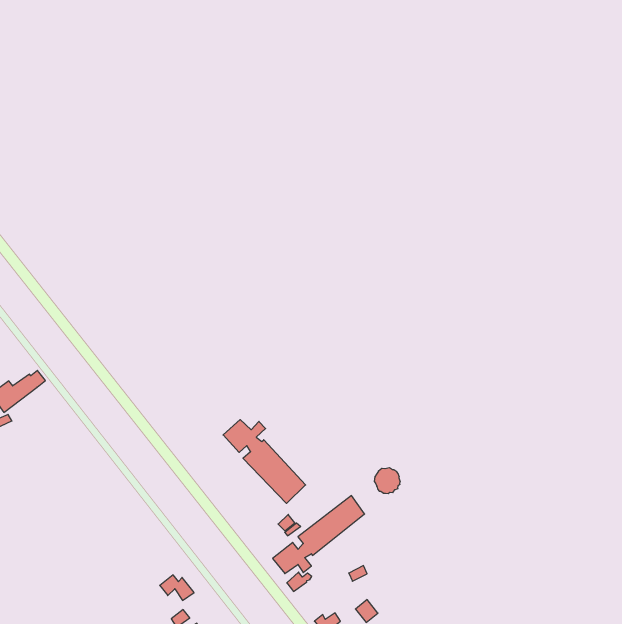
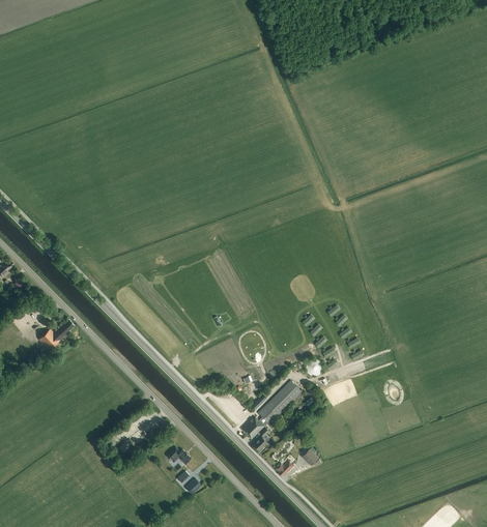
building: [223,420,306,503] -> none

